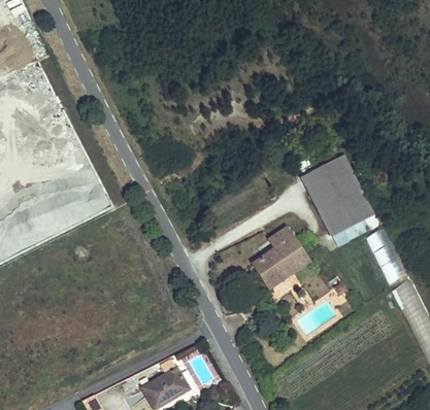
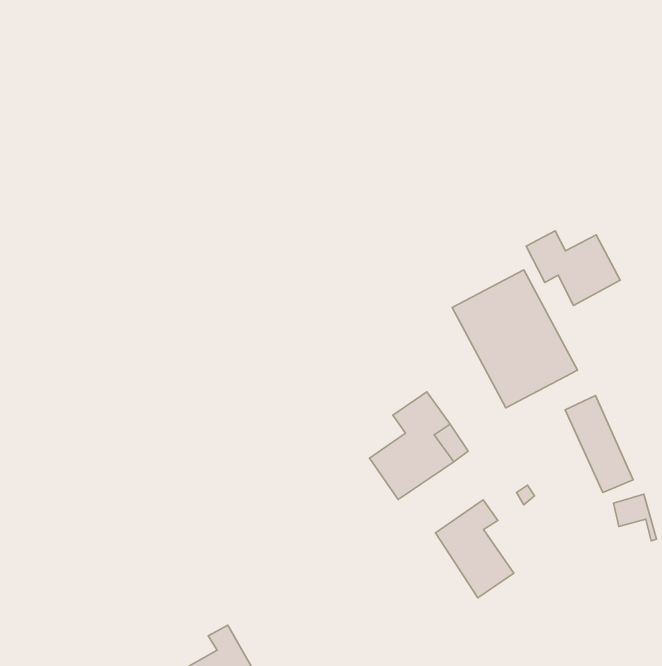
building: none -> [526,231,620,306]
building: none -> [436,500,514,598]

